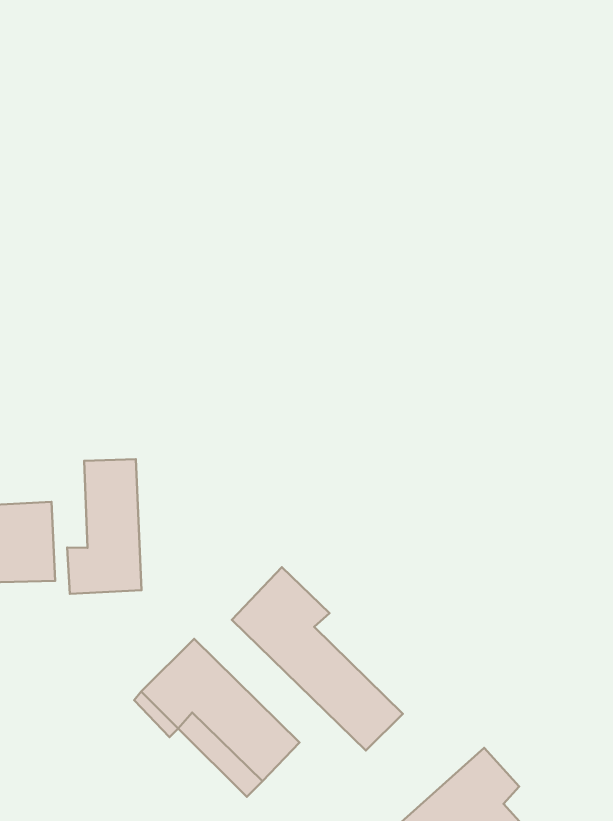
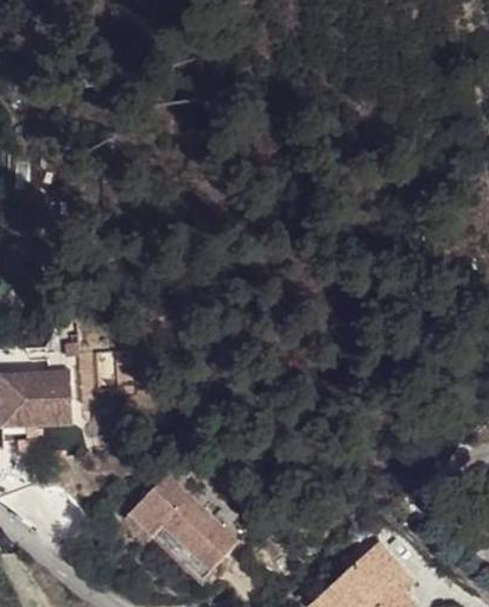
building: [67,459,142,594] -> none
building: [232,567,403,750] -> none

